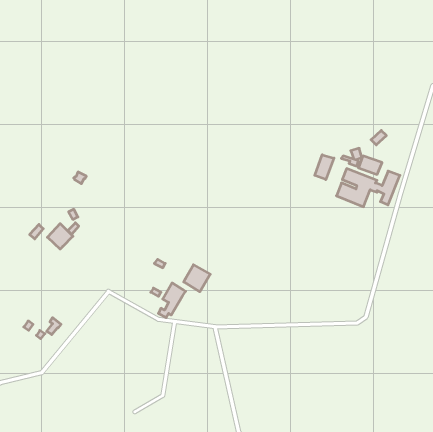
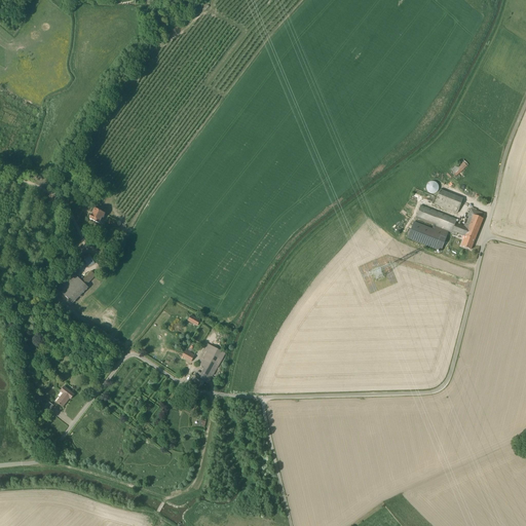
building: [315,155,334,180] -> none
building: [184,265,210,292] -> none

